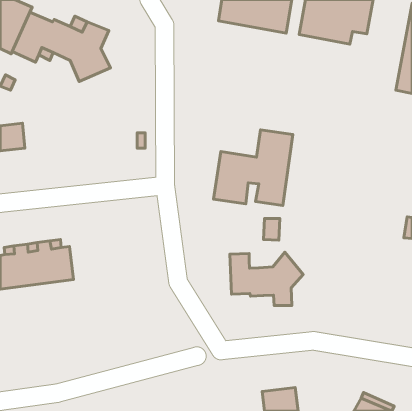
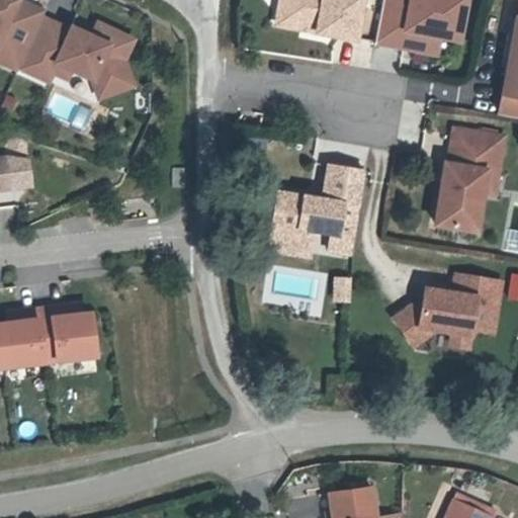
building: none -> [431,124,508,236]
building: none -> [392,272,503,348]
building: [230,252,303,306] -> none

